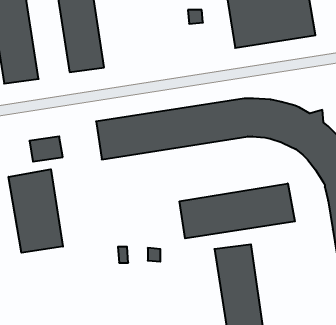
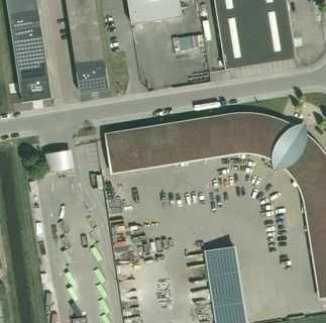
building: [9,169,63,253] -> none
building: [180,183,295,238] -> none

